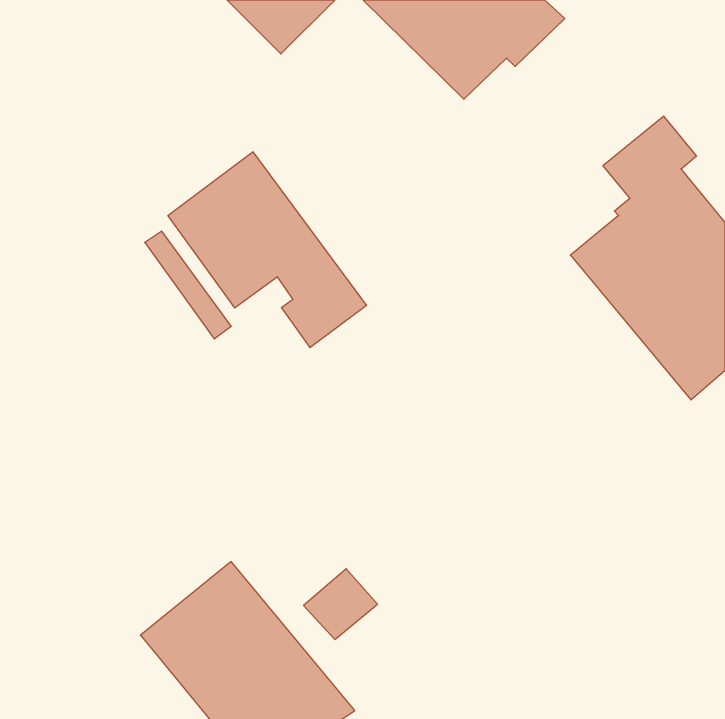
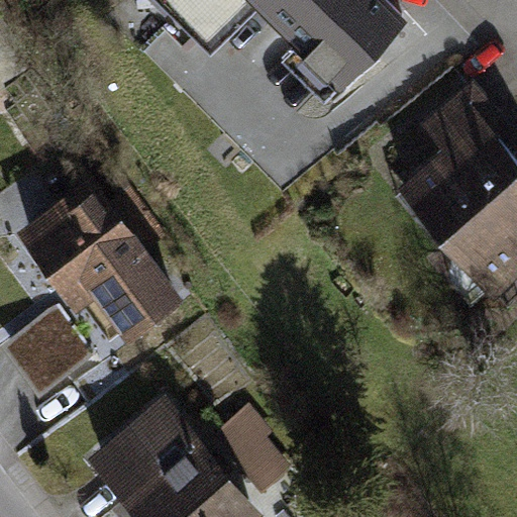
building: [168,152,367,348] -> [30,186,172,325]
building: none -> [10,305,99,392]

